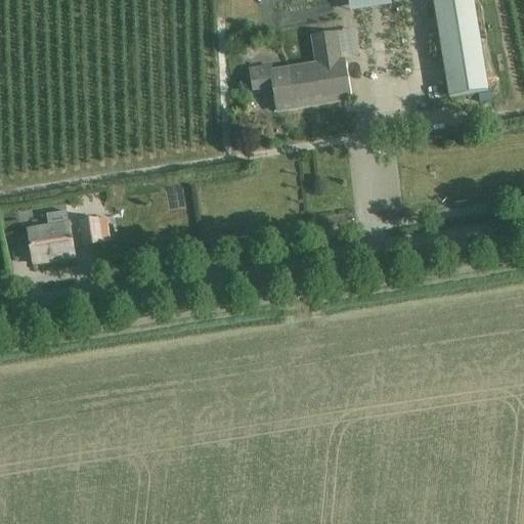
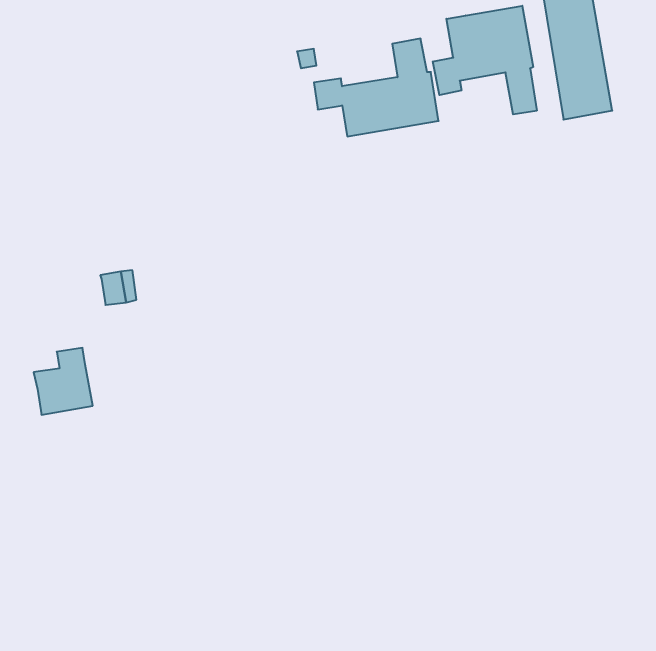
building: none -> [433,6,537,114]
building: [27,208,74,261] -> [34,348,93,415]

